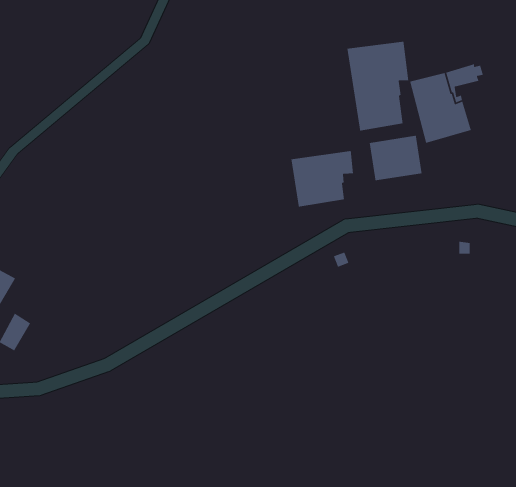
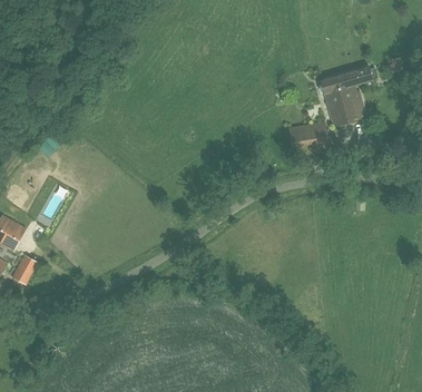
building: [347,41,409,131] -> none
building: [291,150,354,207] -> none

